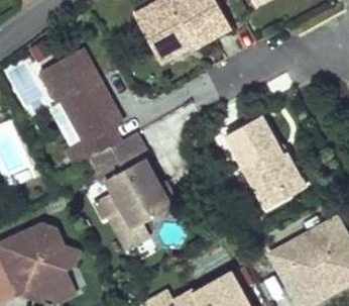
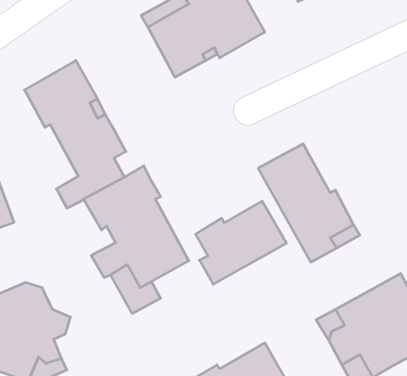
building: none -> [196,201,286,284]

